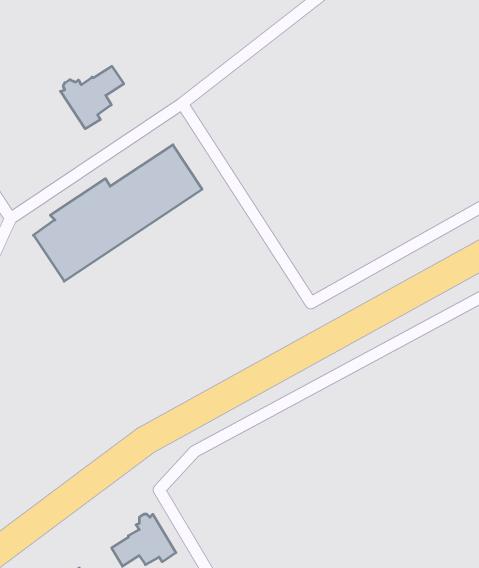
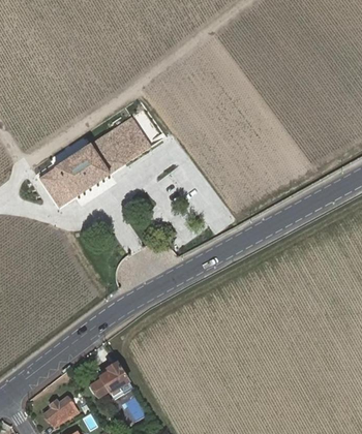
building: [60,66,124,129] -> none

